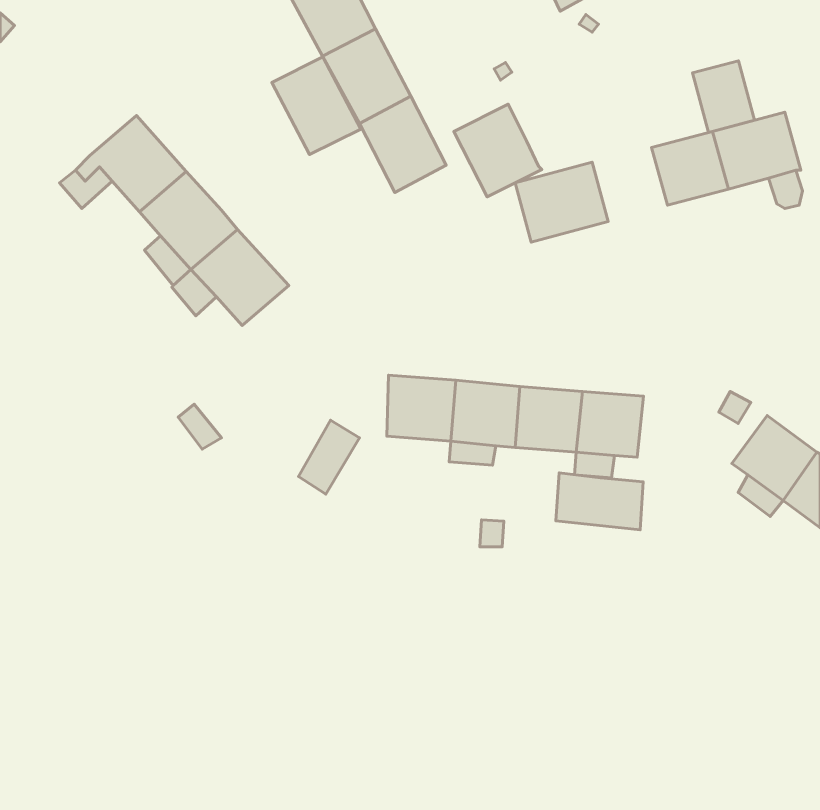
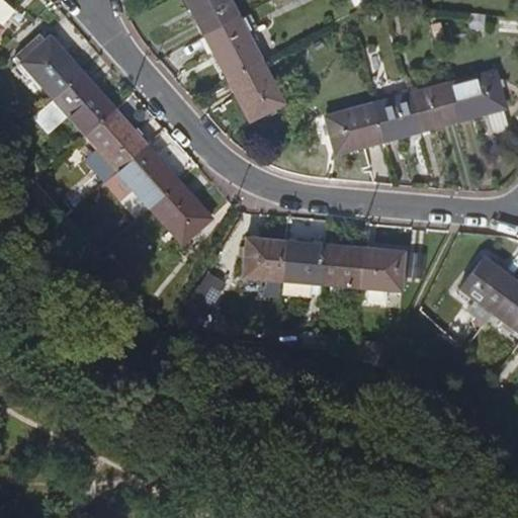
building: none -> [19,31,86,98]
building: [272,57,361,155] -> none
building: [693,61,754,133] -> none
building: [454,104,542,197] -> none
building: none -> [373,93,421,140]
building: none -> [153,180,212,242]
building: [556,473,643,530] -> none

